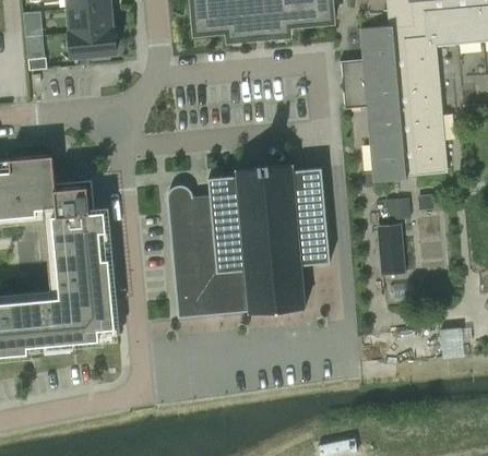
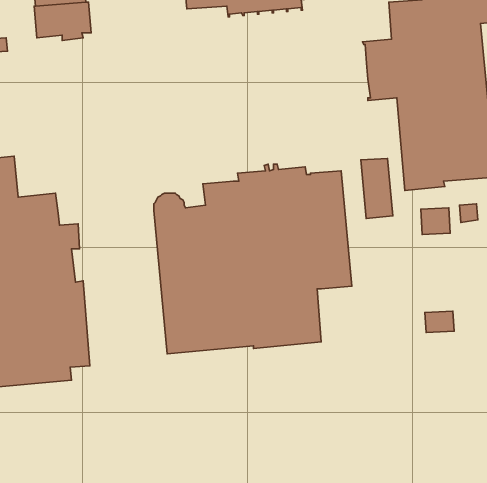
building: [379,226,405,275] -> [361,159,393,218]

